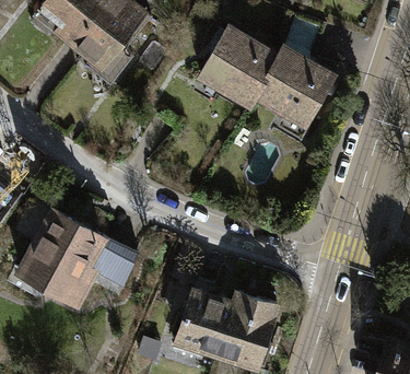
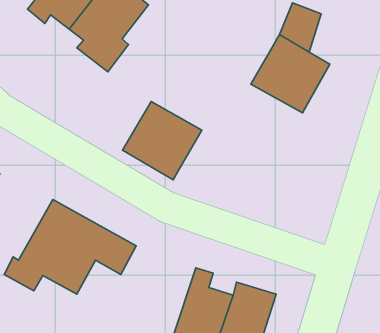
building: [196,28,274,106] -> [123,102,202,180]

